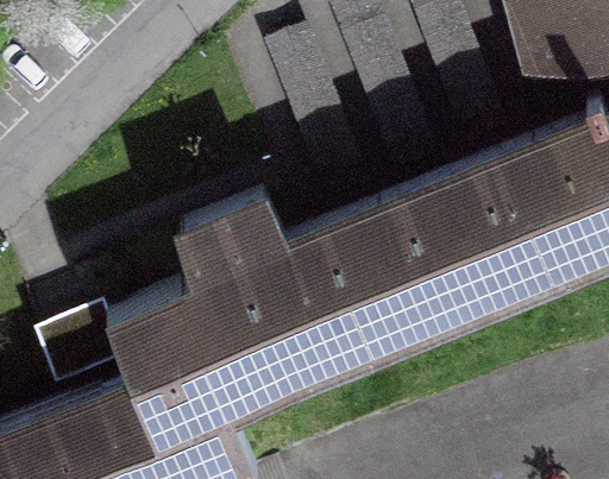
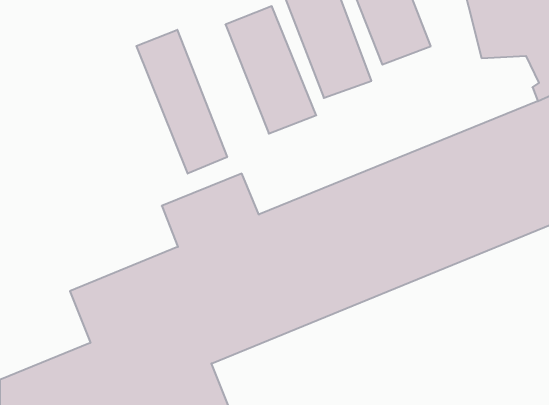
building: none -> [136,30,227,174]

